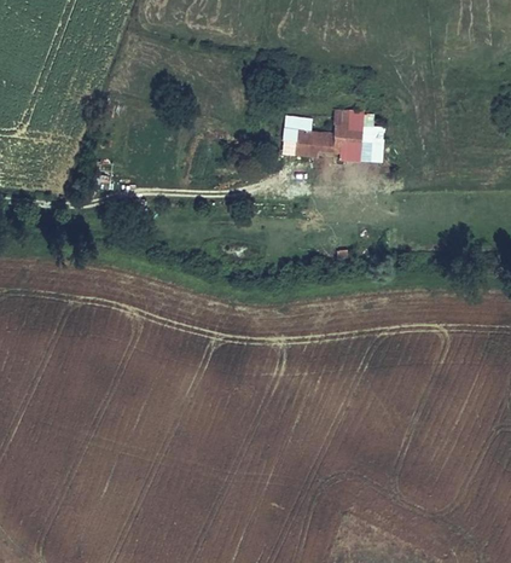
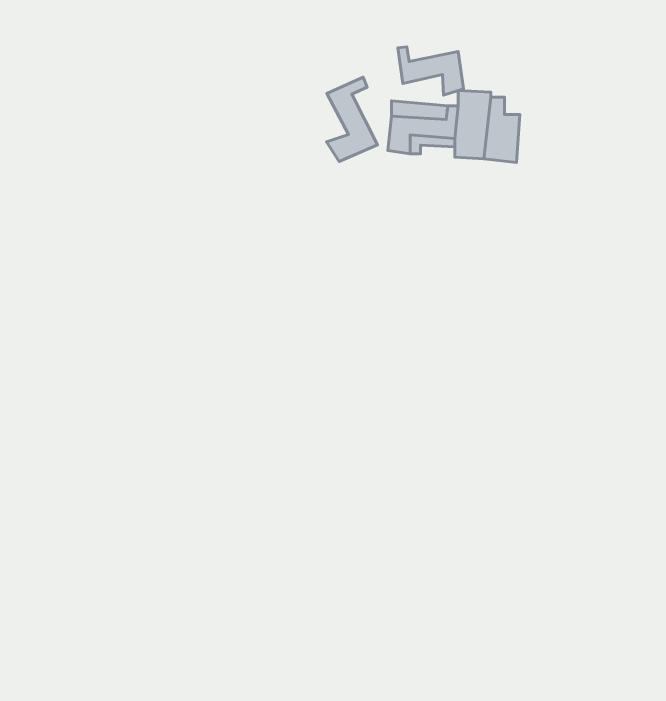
building: none -> [398,47,463,95]
building: none -> [327,77,378,162]

